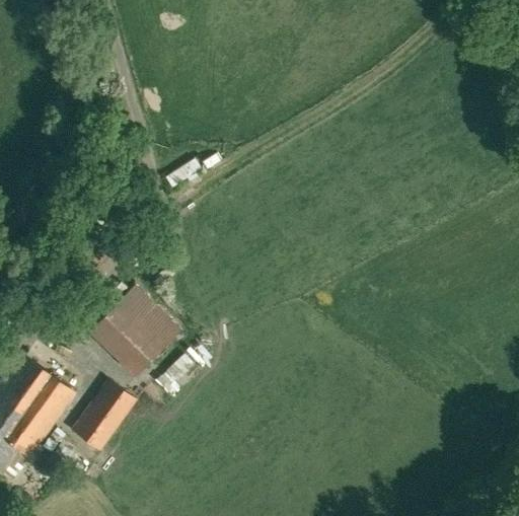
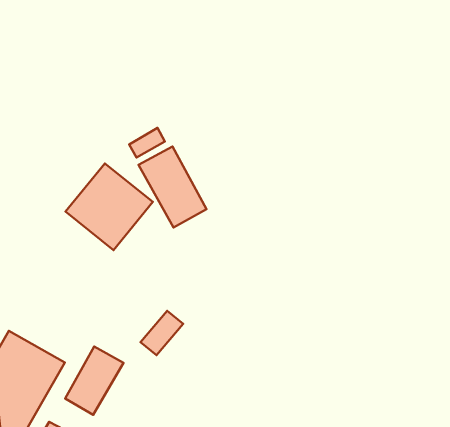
building: none -> [139,146,206,227]
building: [87,285,179,376] -> [65,163,153,250]

